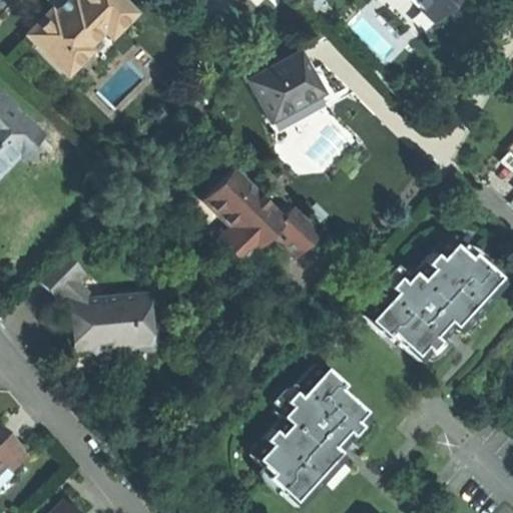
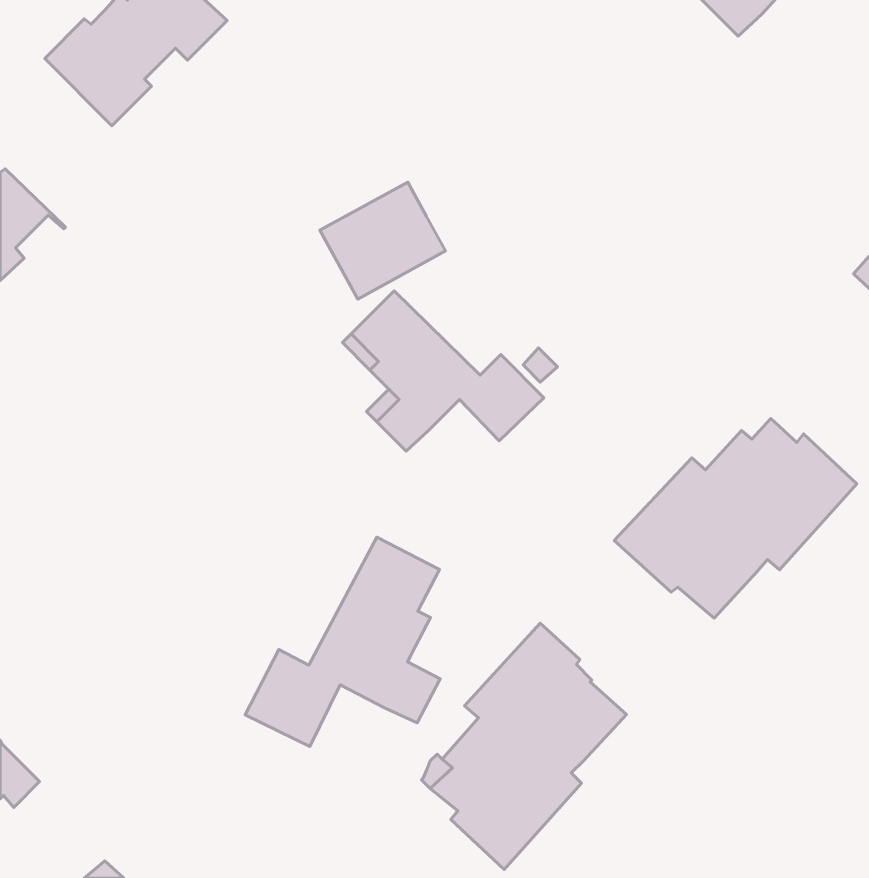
building: [252,52,326,120] -> [320,182,446,299]
building: [38,250,164,355] -> none
building: none -> [245,537,440,746]

